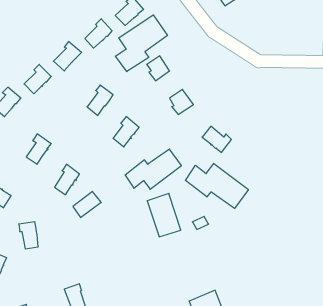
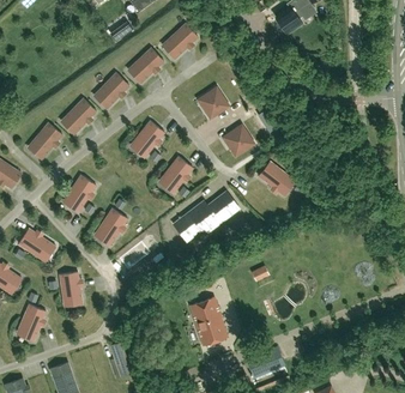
building: [115,15,167,72] -> none
building: [185,163,248,208] -> none
building: [147,193,181,237] -> [189,297,226,345]

